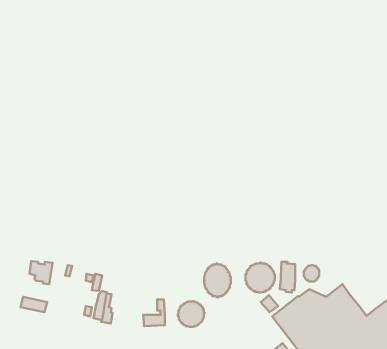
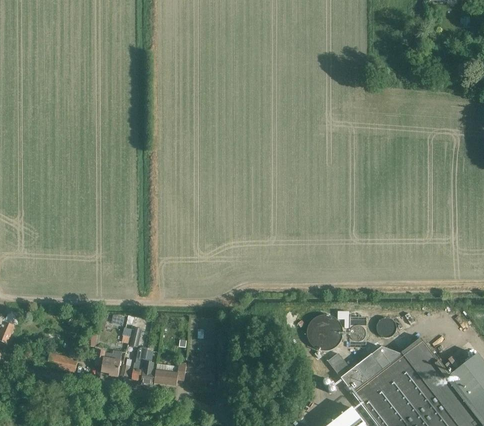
building: [29,261,53,284] -> [95,350,122,377]
building: [204,263,231,297] -> none
building: [178,301,205,327] -> none
building: none -> [155,363,186,386]

